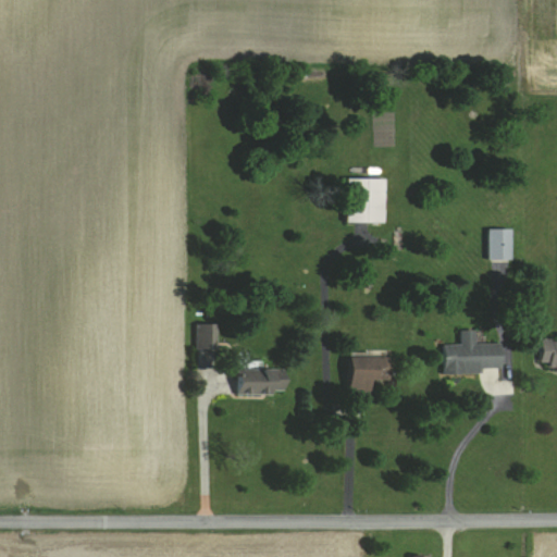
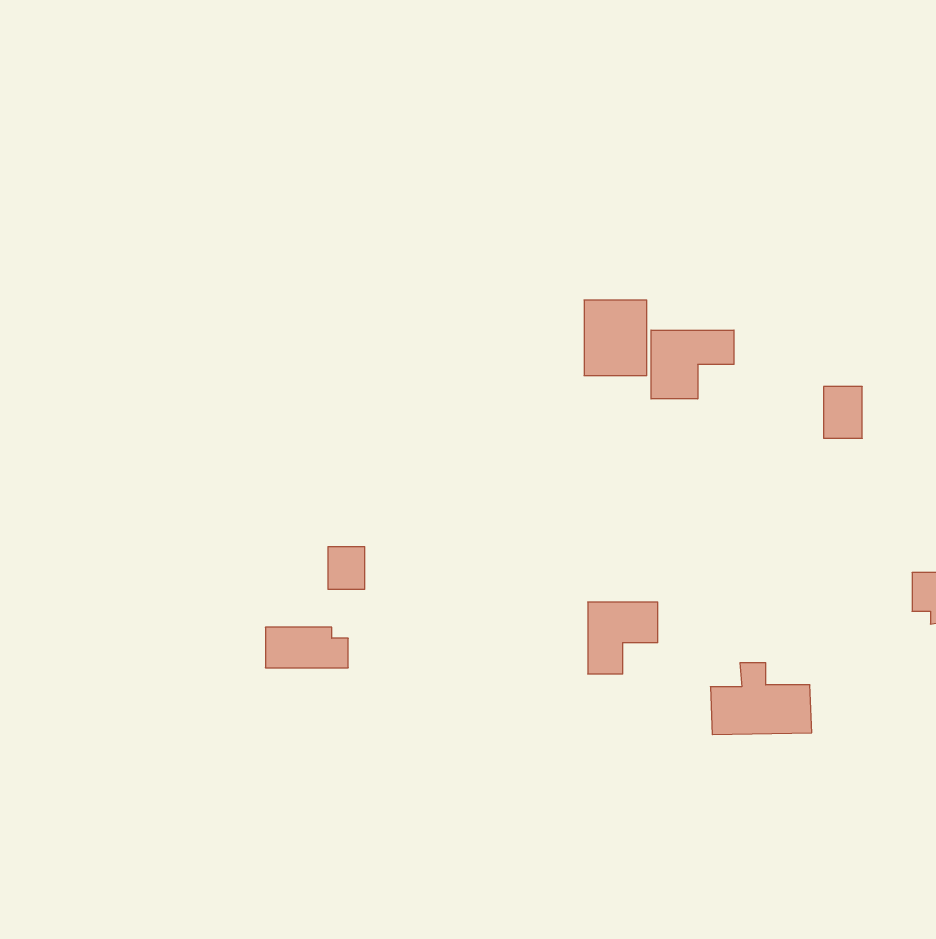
building: none -> [651,330,734,399]
building: [444,330,504,372] -> [710,663,812,735]
building: [237,370,286,394] -> [265,627,348,668]

